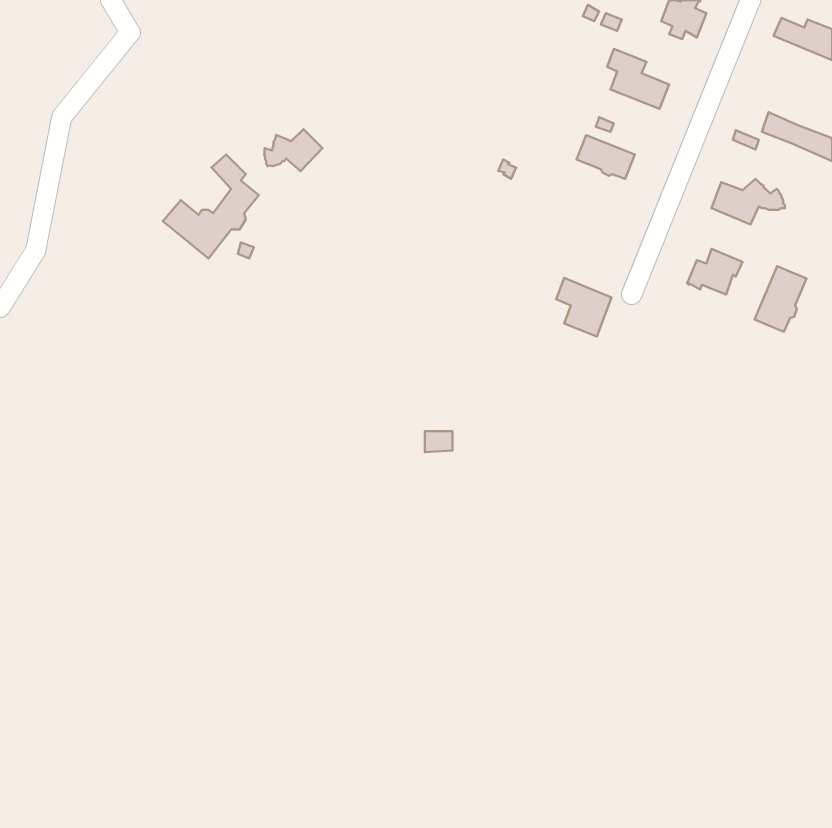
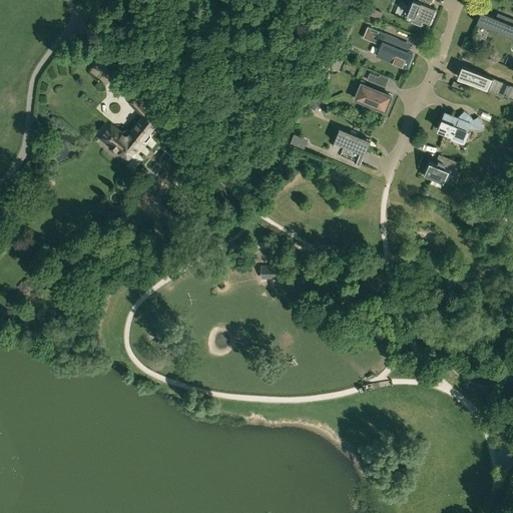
building: [264,129,322,171] -> none
building: [754,266,807,332] -> none
building: [556,278,611,336] -> [334,129,368,165]

